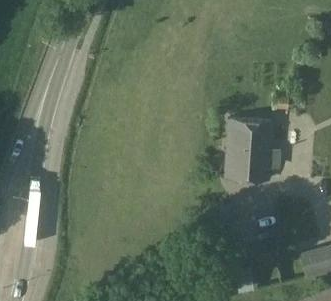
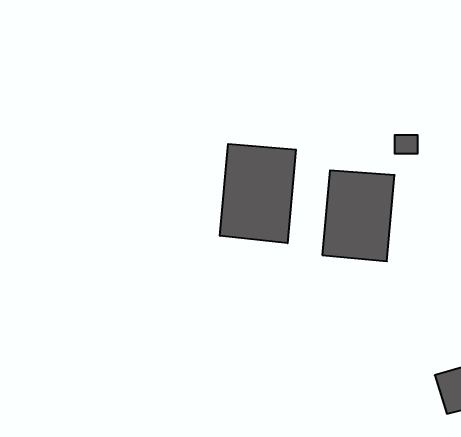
building: none -> [220,144,296,243]

